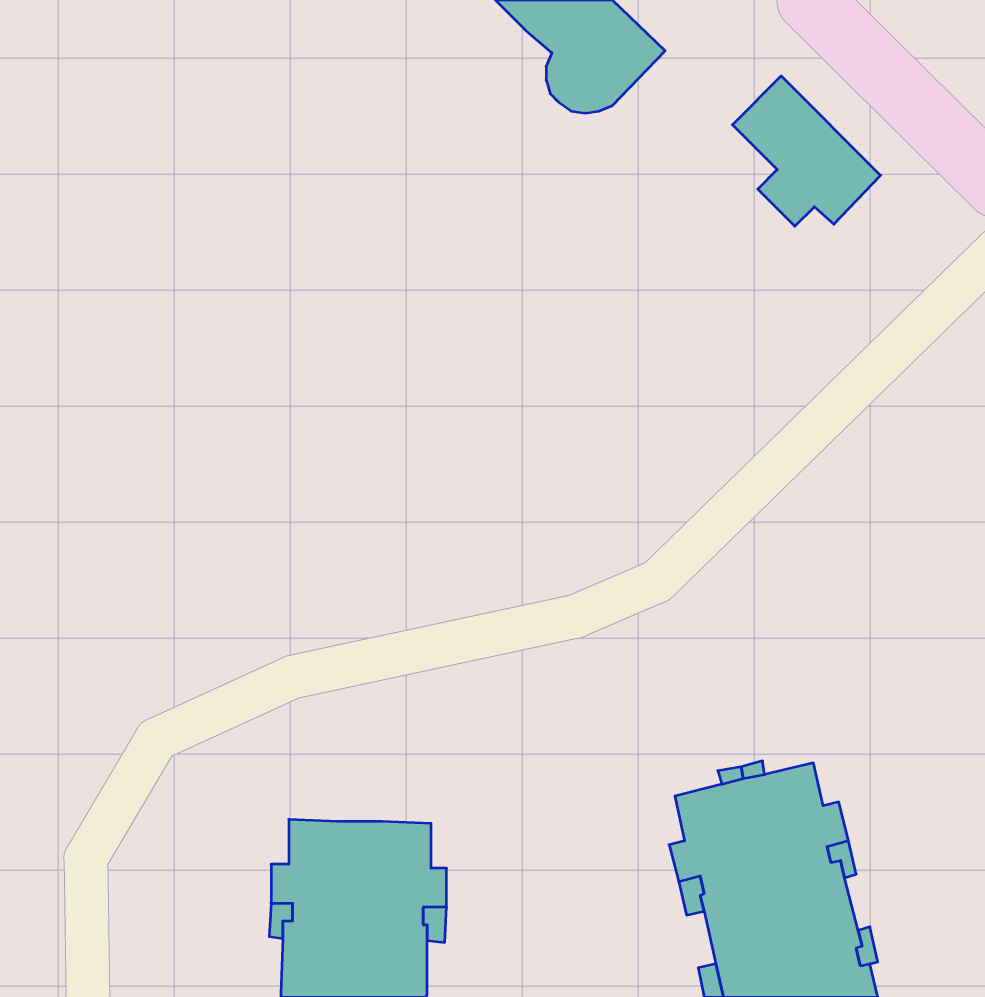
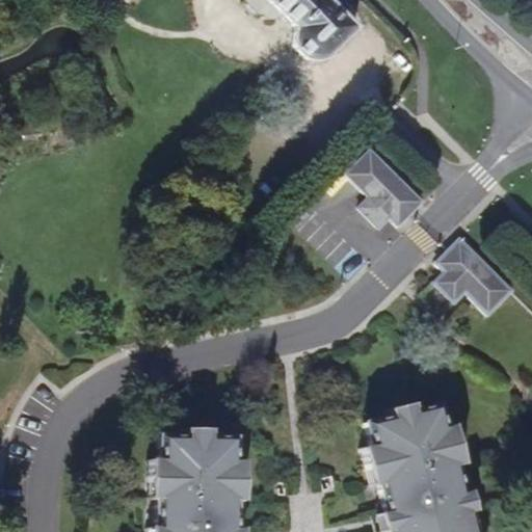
building: [732,76,881,226] -> [349,149,428,229]
building: none -> [437,237,517,316]

